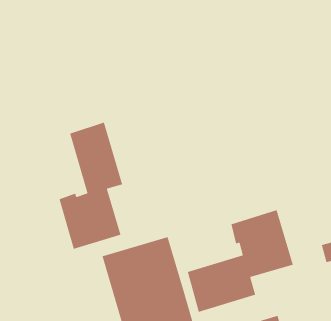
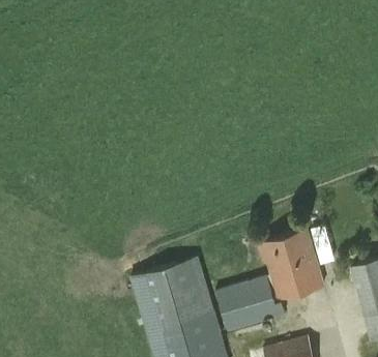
building: [58,122,123,250] -> none

